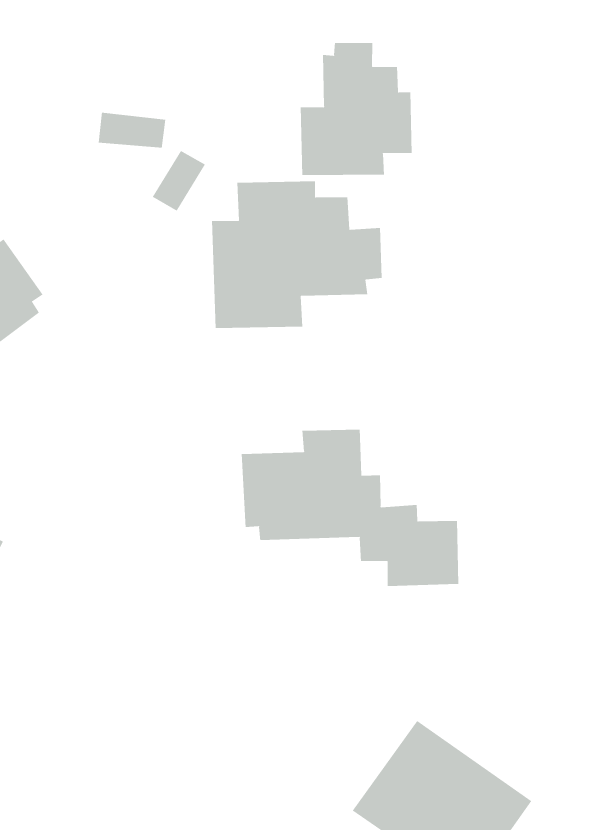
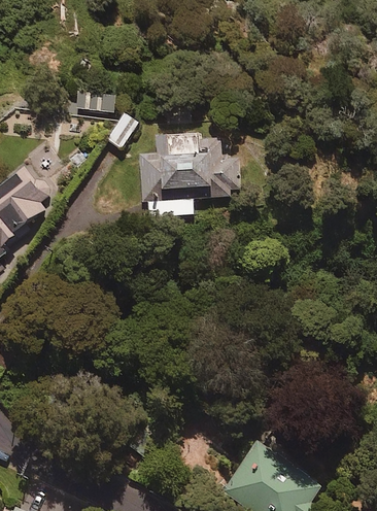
building: [300,42,412,176] -> none
building: [241,429,459,587] -> none

